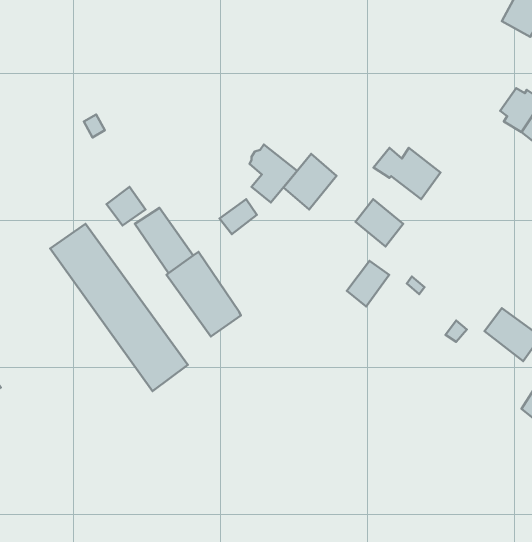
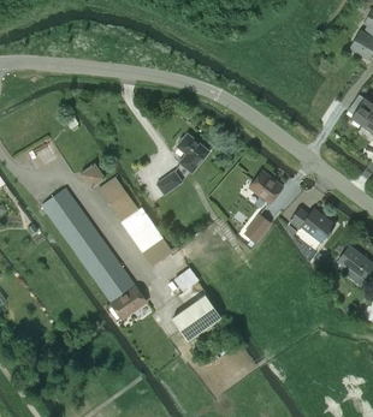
building: [373,148,441,199] -> [289,208,334,243]
building: [284,154,337,210] -> none
building: none -> [113,286,148,318]
building: none -> [172,294,221,340]

